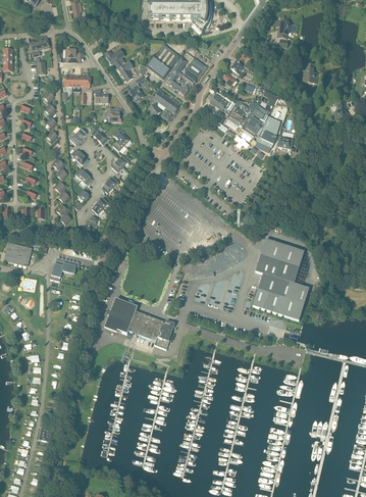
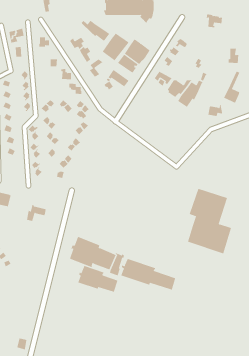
building: none -> [80,20,110,42]
building: [256,107,277,148] -> [223,71,240,104]
building: none -> [120,258,176,291]
building: none -> [78,265,118,293]

